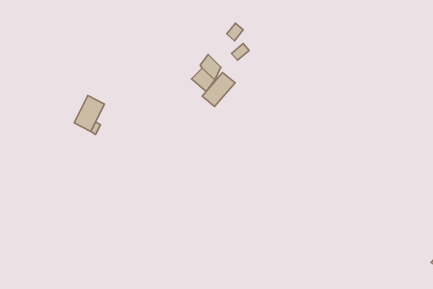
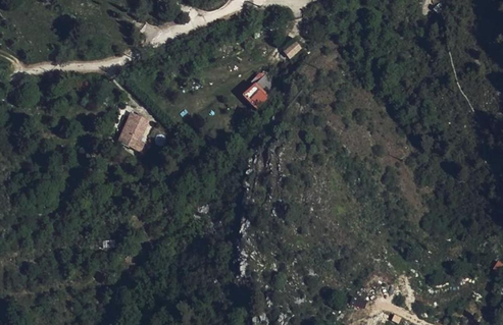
building: [202,73,235,107] -> none

